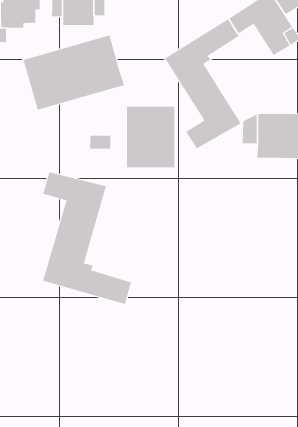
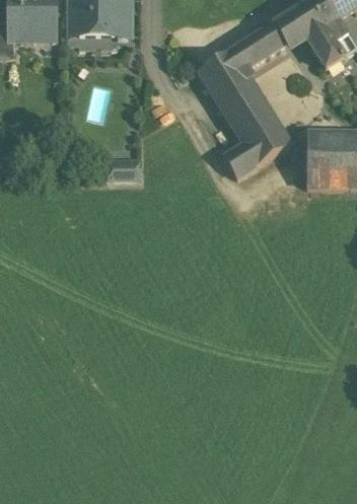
building: [23,35,125,110] -> none
building: [126,106,175,168] -> none
building: [42,172,132,305] -> none

